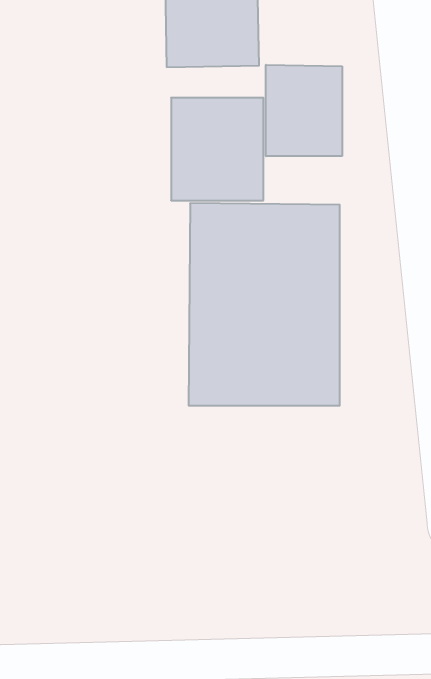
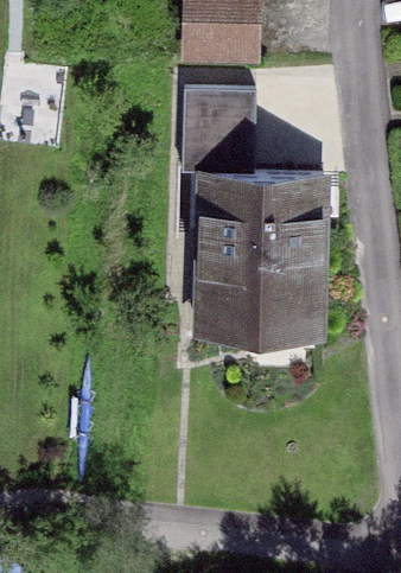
building: [266,65,342,156] -> none

